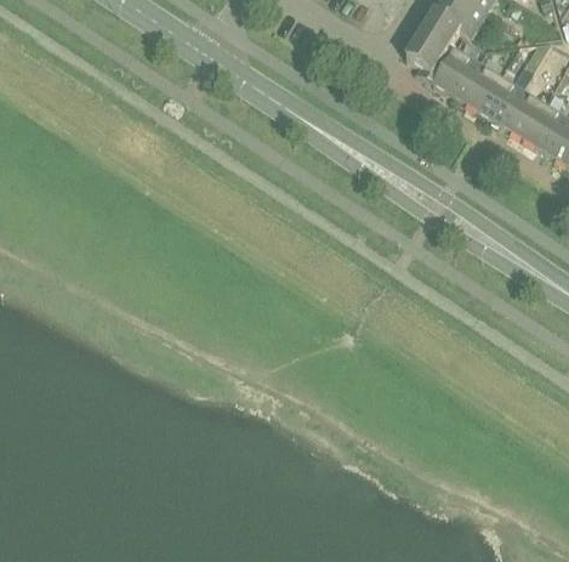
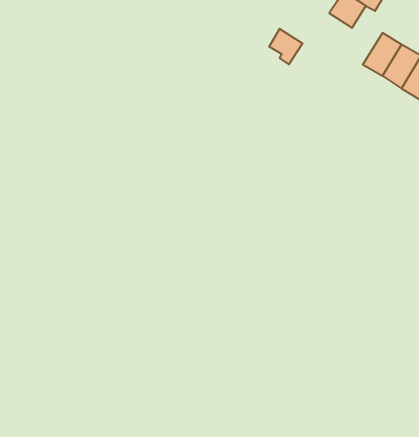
building: [402,36,440,78] -> [269,29,303,64]
building: [429,45,476,96] -> none

